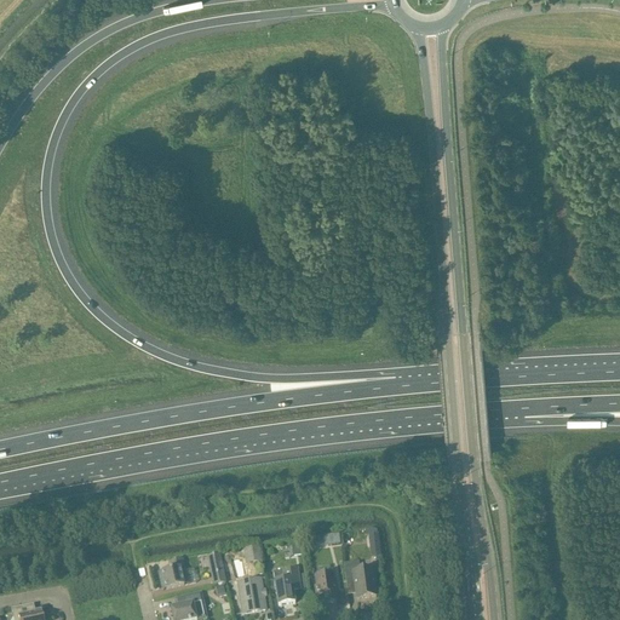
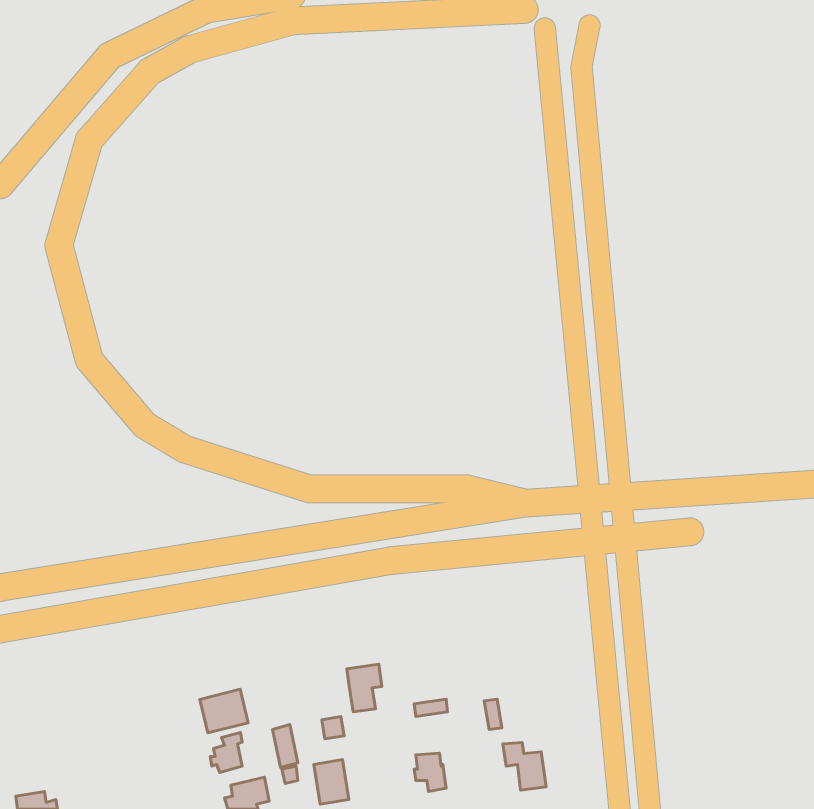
building: none -> [200,689,248,733]
building: [344,561,377,597] -> [503,742,546,790]
building: [274,567,300,603] -> [347,664,382,712]

